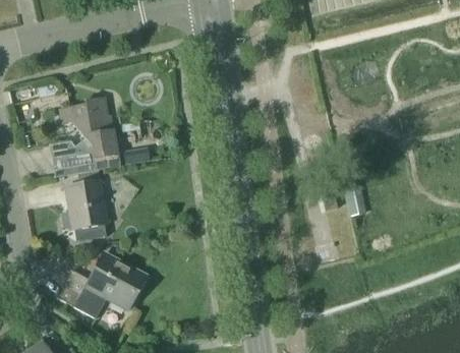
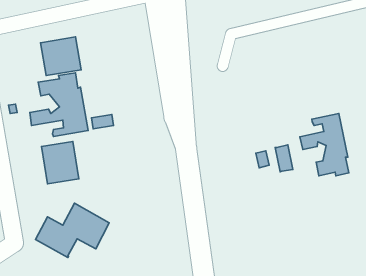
building: none -> [41,37,81,76]
building: none -> [300,114,349,176]

